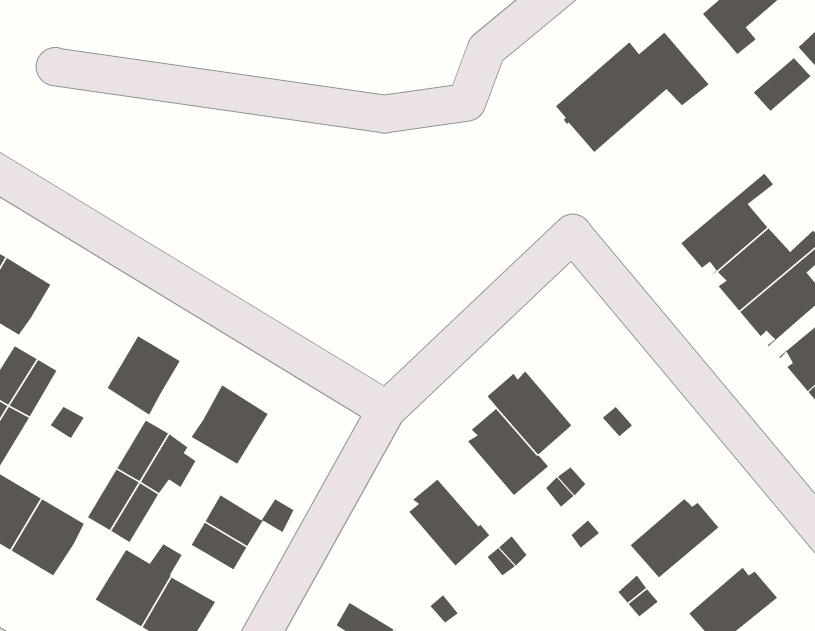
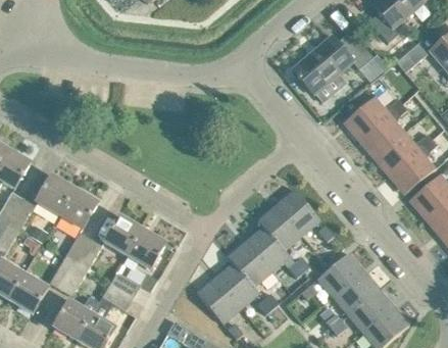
building: none -> [343,96,402,140]
building: none -> [35,173,76,215]
building: none -> [278,188,320,235]
building: none -> [128,229,166,268]
building: none -> [227,243,271,287]
building: none -> [316,252,360,297]
building: none -> [197,280,241,322]
building: none -> [347,288,391,333]

